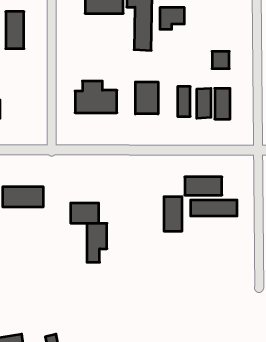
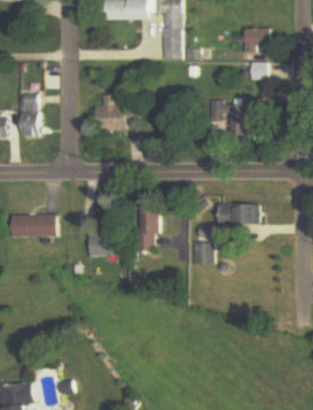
building: [160,8,184,29] -> [241,28,268,53]
building: [6,12,24,49] -> [19,94,40,135]
building: [135,82,158,114] -> none
building: [191,200,237,216] -> none
building: [87,223,107,262] -> [137,206,160,249]

